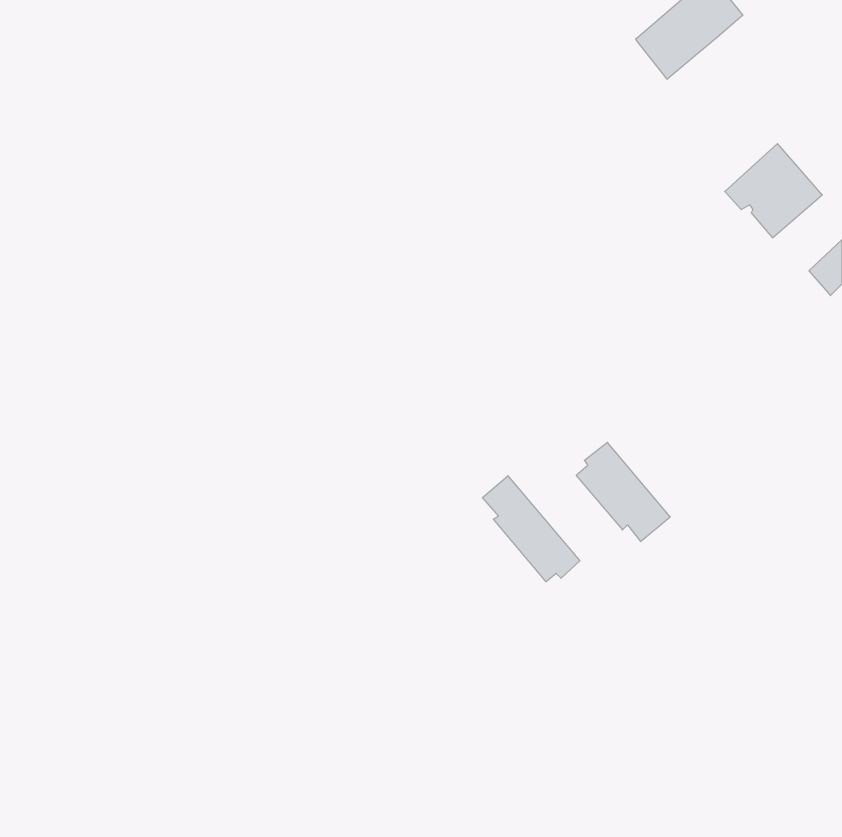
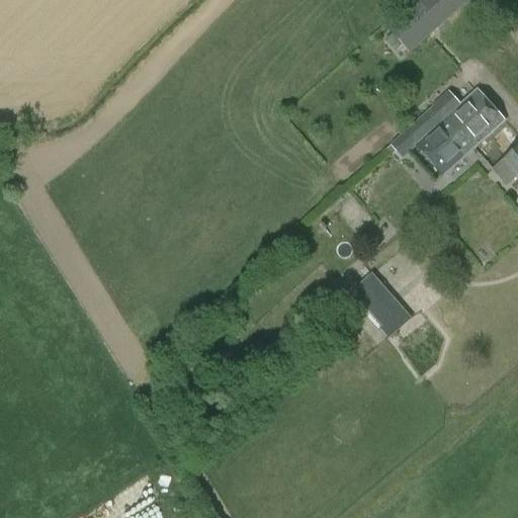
building: none -> [409,106,473,173]
building: [482,476,580,582] -> none

